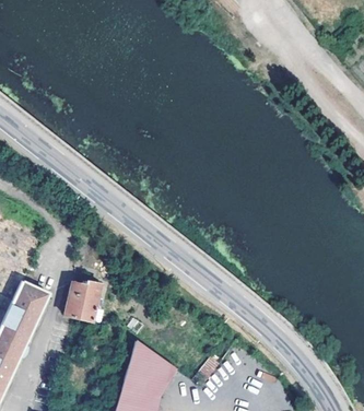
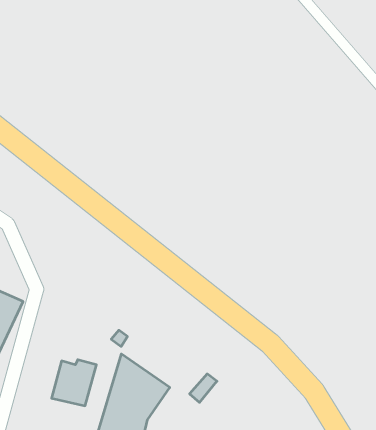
building: [62,281,102,321] -> [52,360,96,406]

